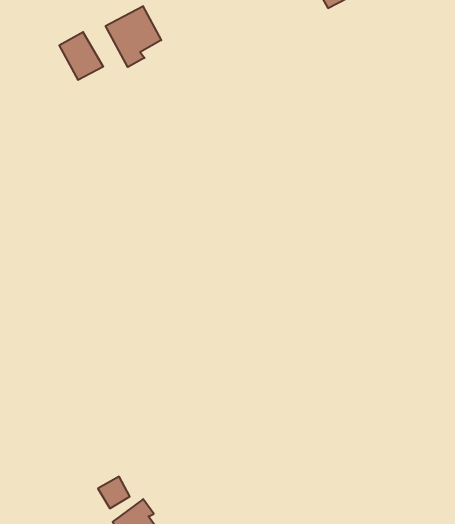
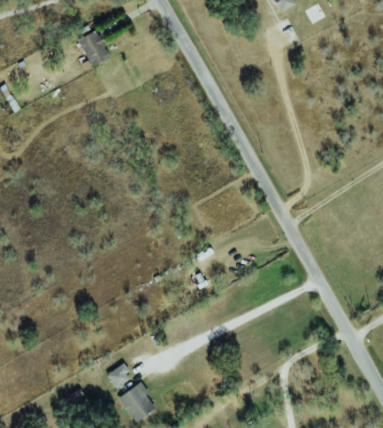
building: [106,6,161,67] -> none

